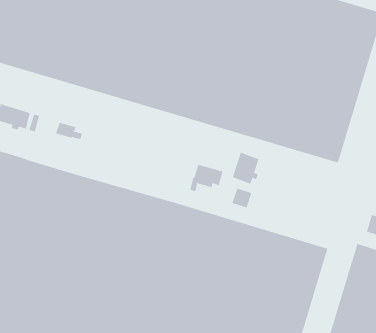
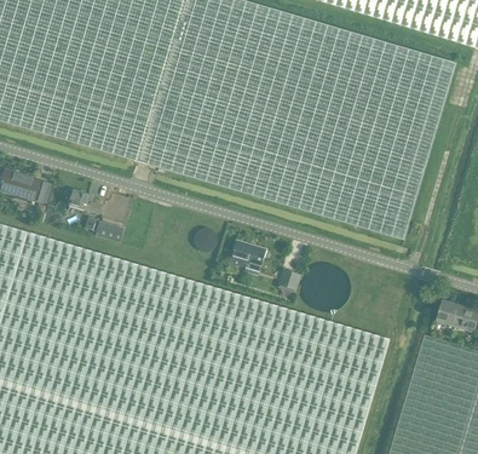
building: [232,152,259,185] -> none

